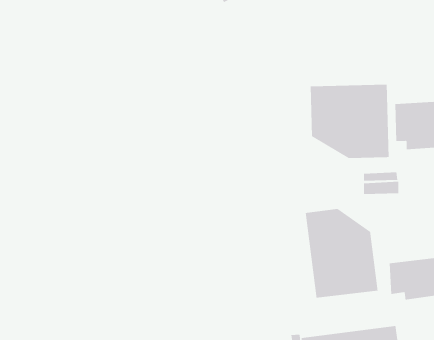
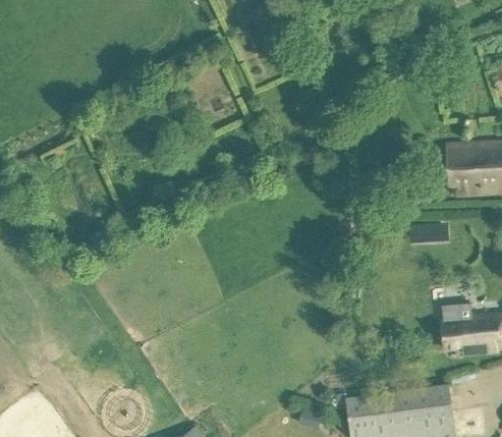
building: [310,84,389,159] -> none
building: [305,208,378,299] -> none

